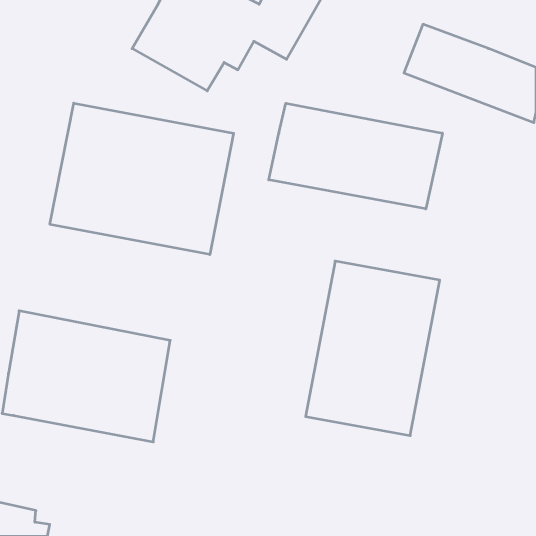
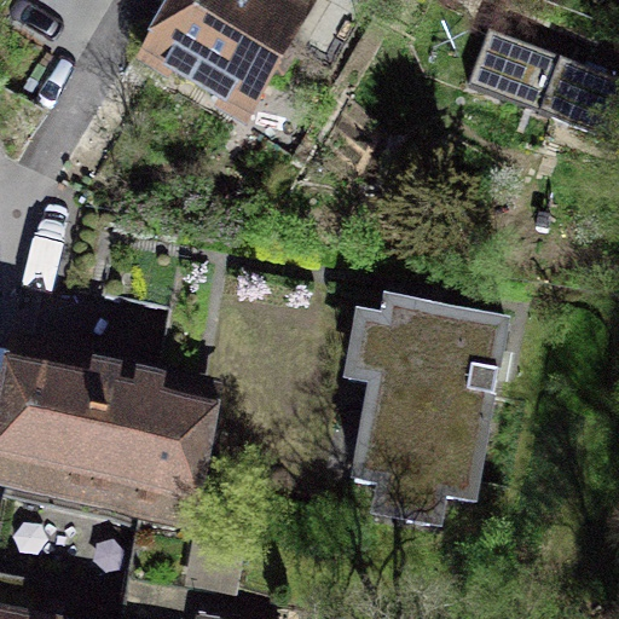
building: [50,103,234,255] -> none
building: [269,103,442,209] -> none

